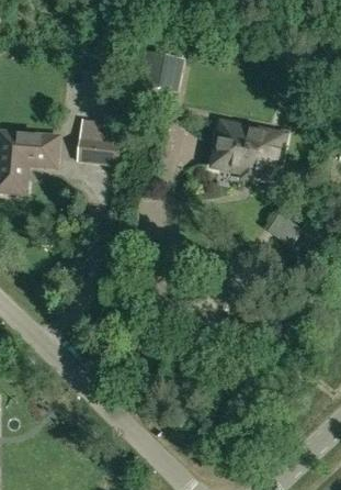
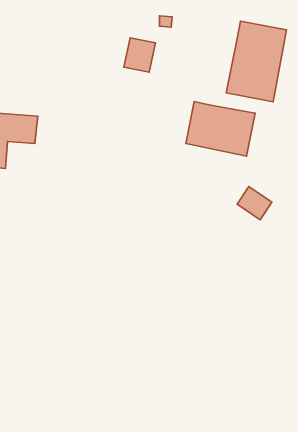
building: none -> [226,21,286,102]
building: [77,127,118,165] -> none

